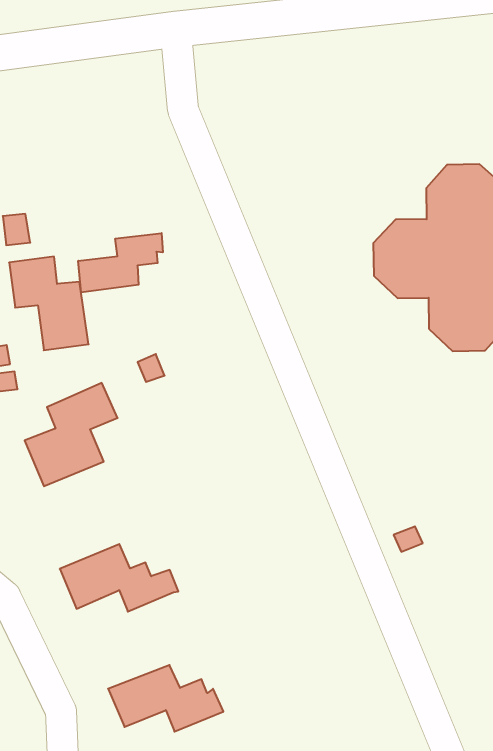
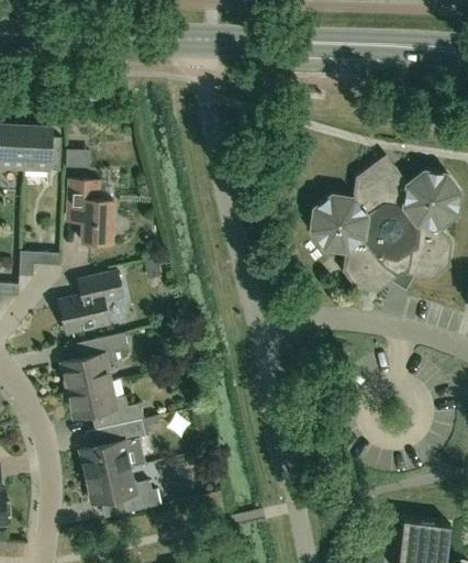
building: [78,233,163,292] -> none
building: none -> [60,332,127,390]
building: none -> [80,419,145,476]

